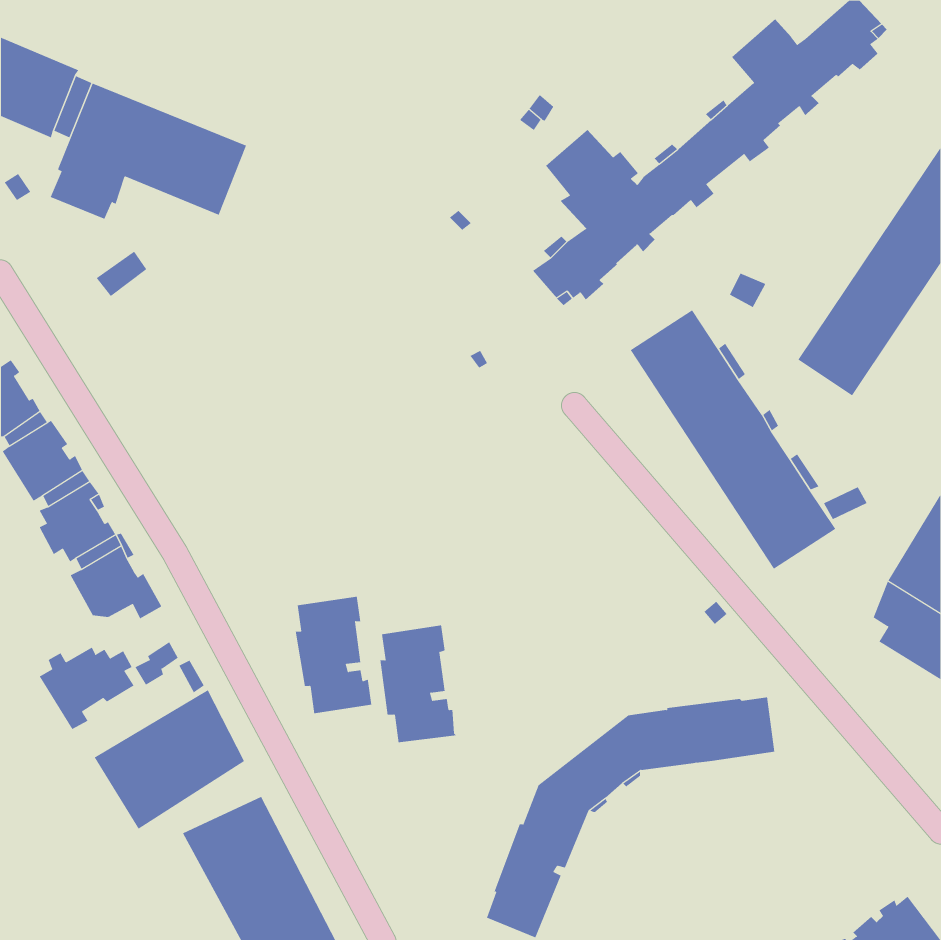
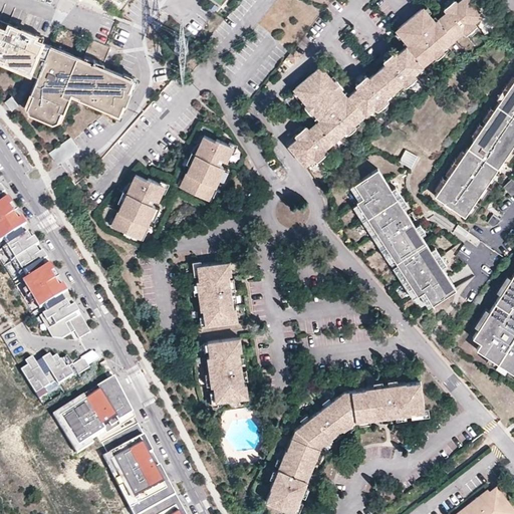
building: none -> [180,140,230,203]
building: none -> [112,178,163,241]
building: [295,596,372,714] -> [197,265,239,329]

